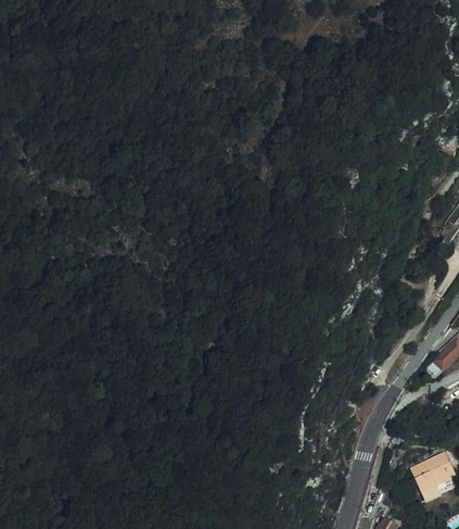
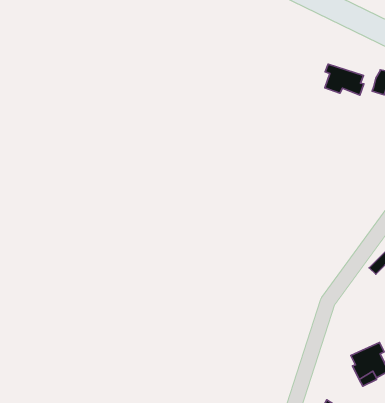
building: none -> [325,64,364,95]

